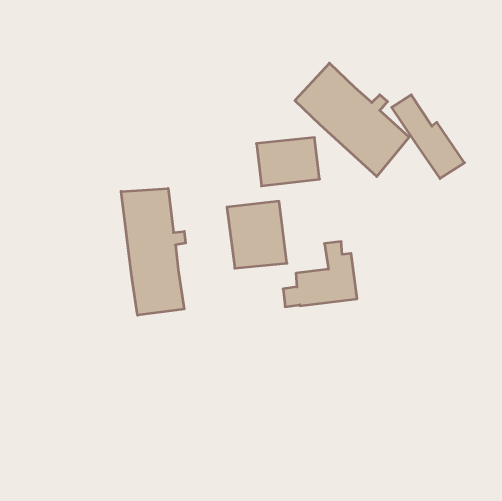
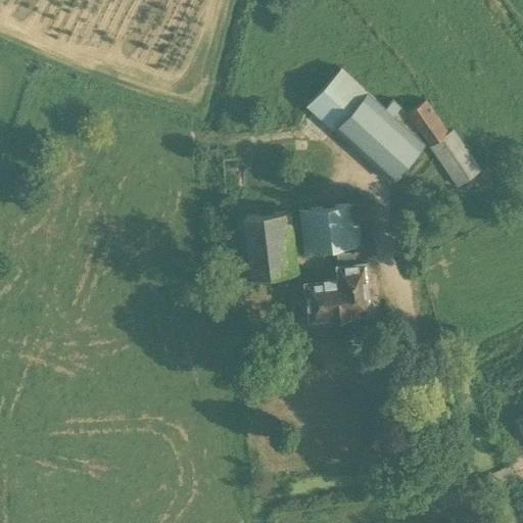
building: [256,138,320,186] -> [299,205,365,255]
building: [121,188,186,315] -> none

